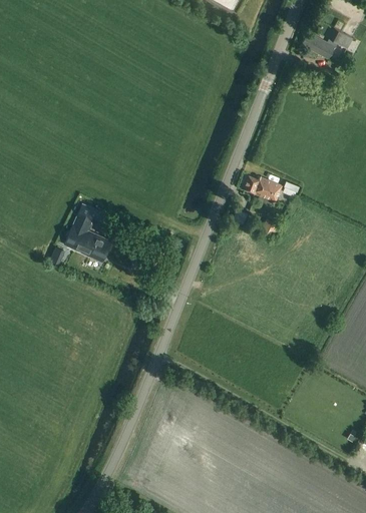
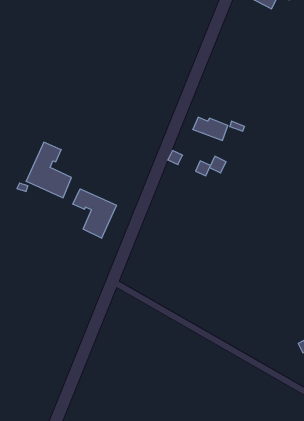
building: none -> [73,189,116,238]

